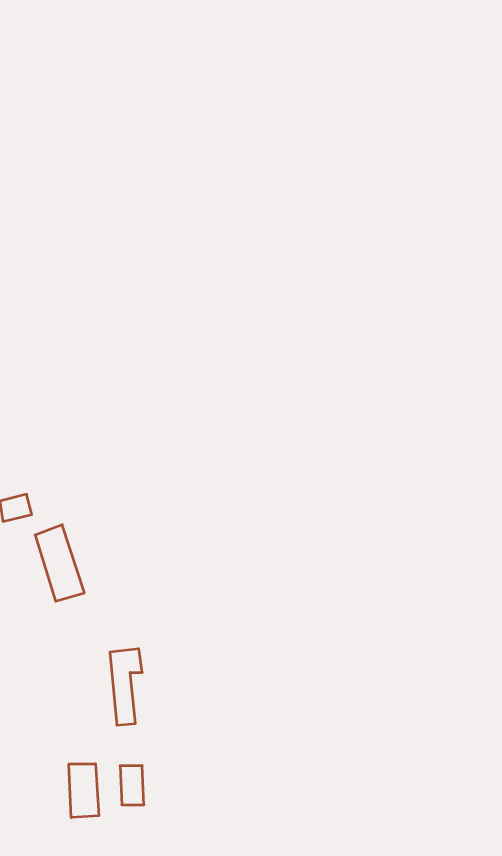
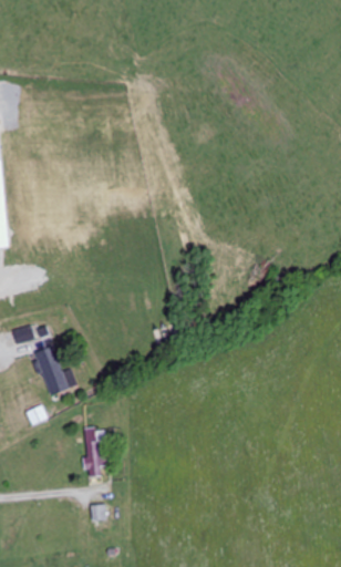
building: [69,764,99,818] -> none

